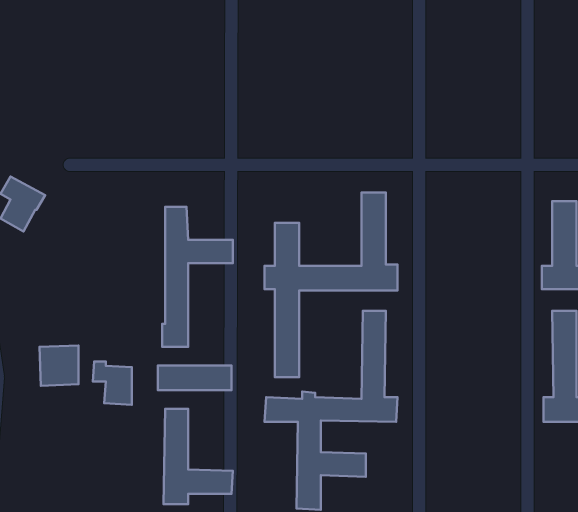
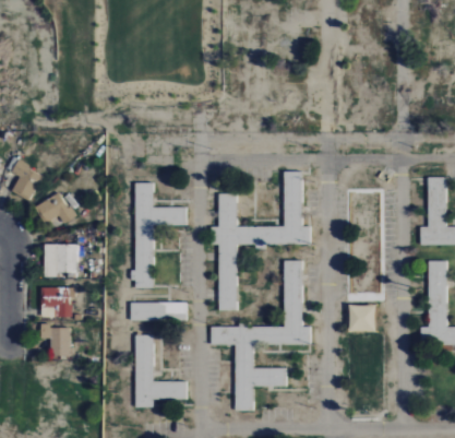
building: none -> [35,191,73,223]
building: none -> [44,244,76,276]
building: [93,361,132,405] -> [40,323,70,356]
building: none -> [348,305,375,331]

